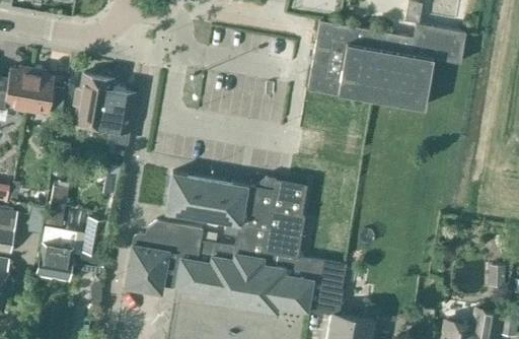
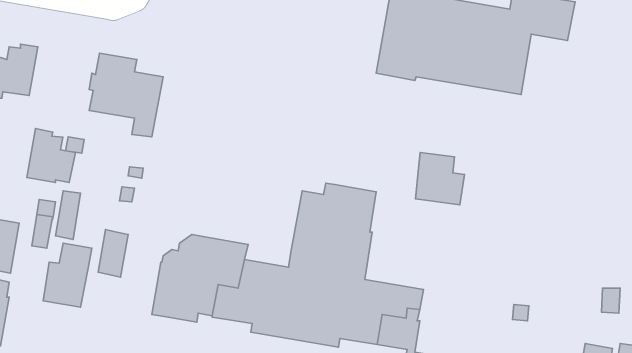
building: [26,70,66,114] -> [27,129,76,182]
building: none -> [415,152,464,205]
building: [166,174,247,236] -> none

